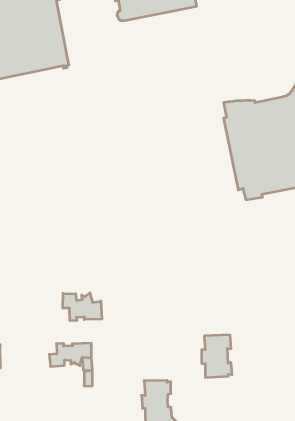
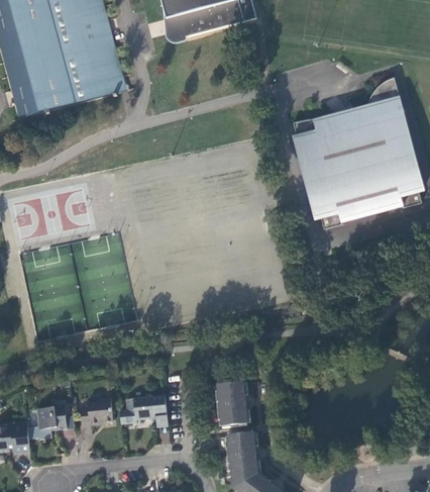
building: [63,293,102,321] -> none
building: [202,335,232,377] -> [213,380,248,428]
building: none -> [81,397,113,427]

